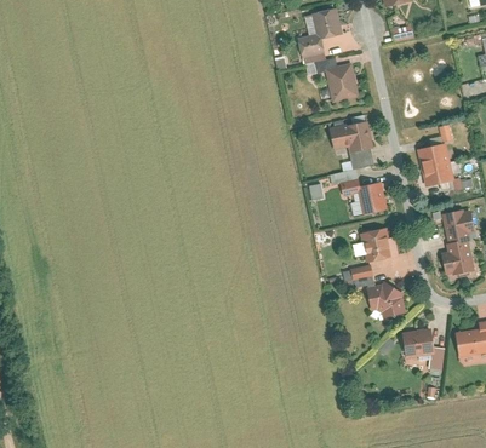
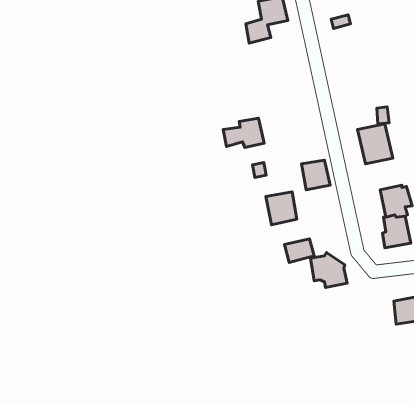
building: [325,63,359,102] -> none
building: [330,120,373,151] -> [223,118,264,148]
building: [360,226,393,262] -> [266,192,297,225]
building: [402,328,435,357] -> none

